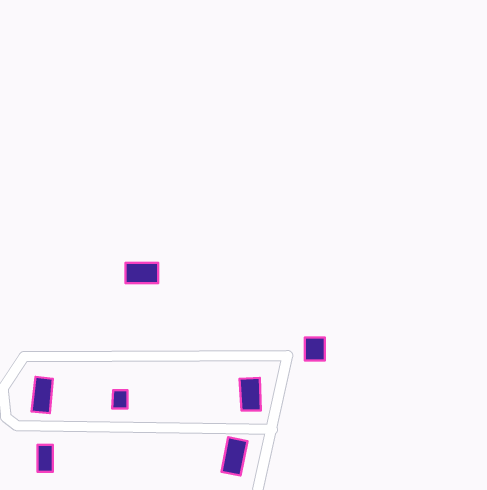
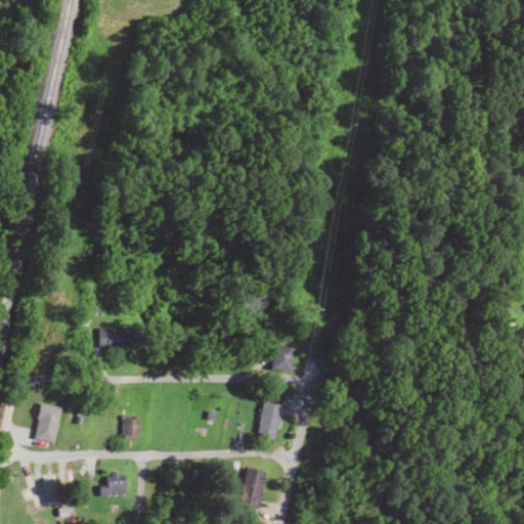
building: [126,263,158,283] -> [99,328,134,349]
building: [305,337,325,360] -> [272,346,294,370]
building: none -> [101,473,127,495]

